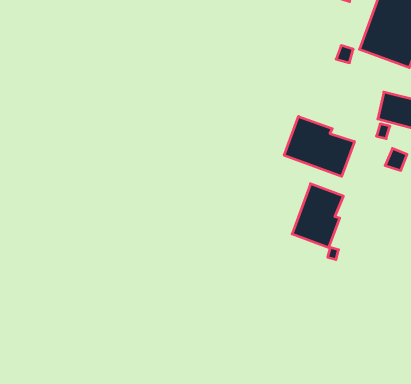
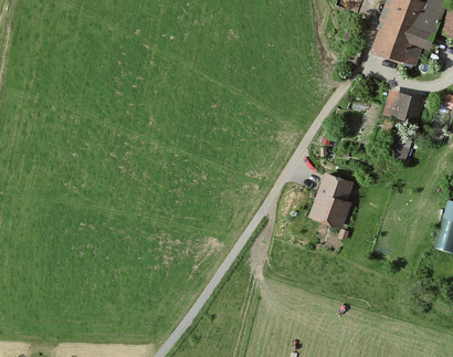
building: [284,116,354,176] -> none

